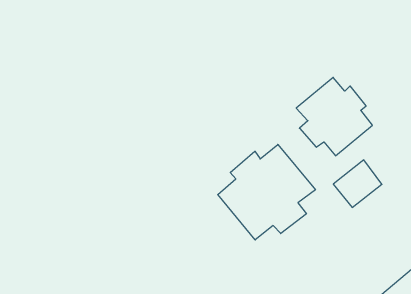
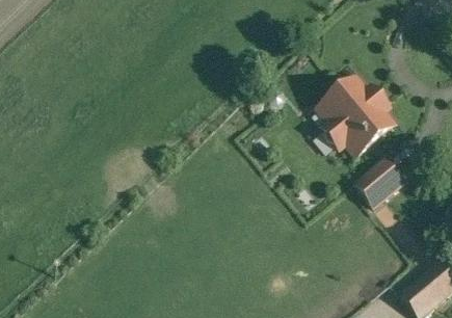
building: [218,144,315,240] -> none

